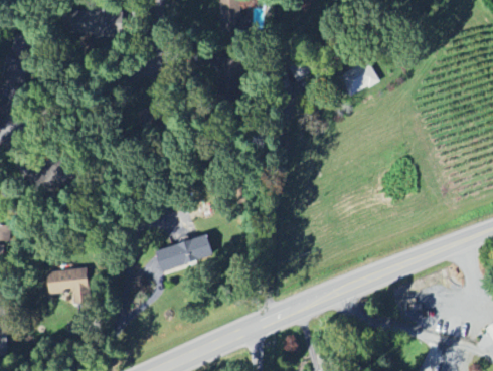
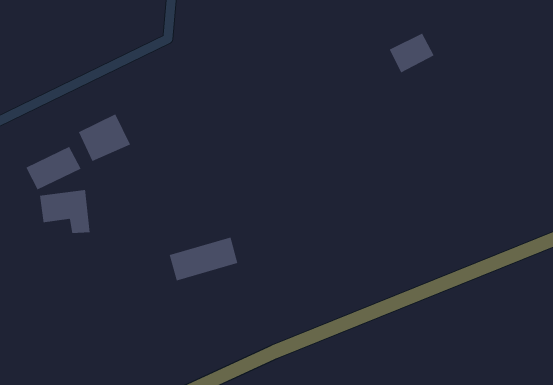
building: none -> [78,114,131,162]
building: [45,266,89,304] -> [39,189,91,234]

